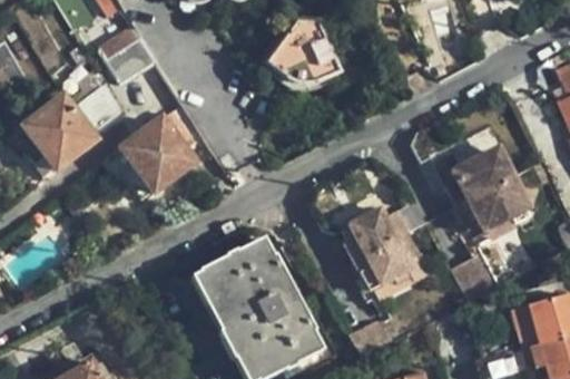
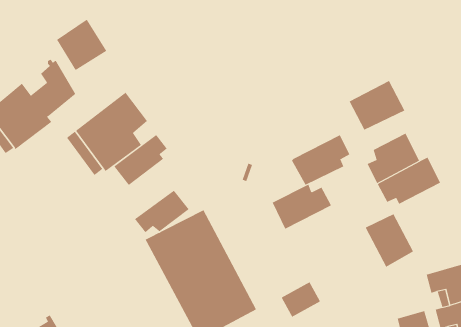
building: [269,22,336,80] -> none
building: none -> [349,80,405,130]
building: none -> [113,134,167,186]
building: none -> [134,190,189,233]
building: [352,232,417,289] -> [291,135,350,186]

